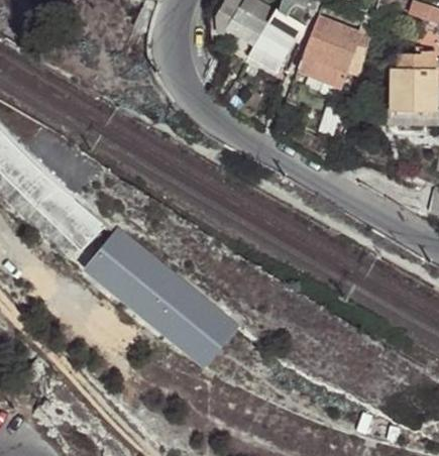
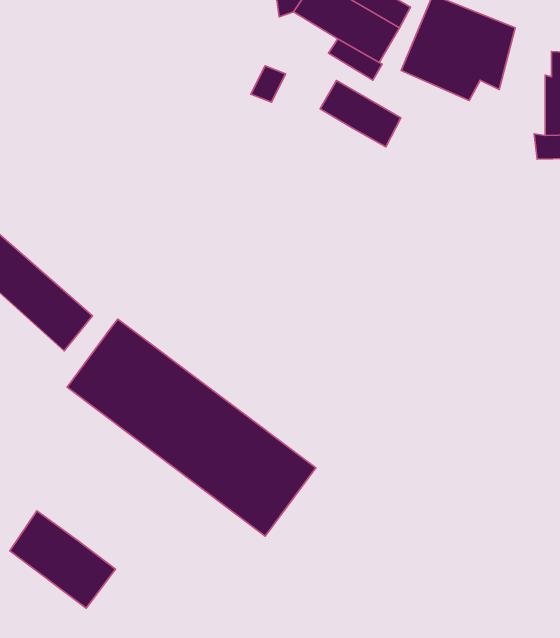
building: none -> [320,80,401,147]
building: none -> [10,511,115,608]

